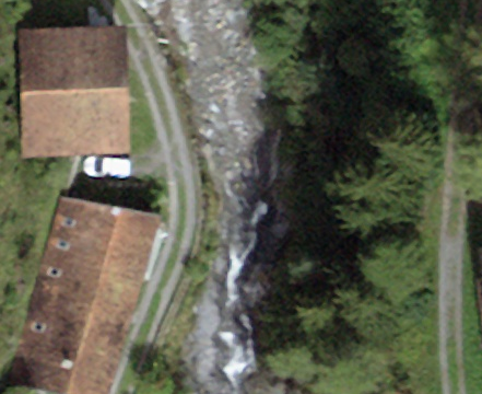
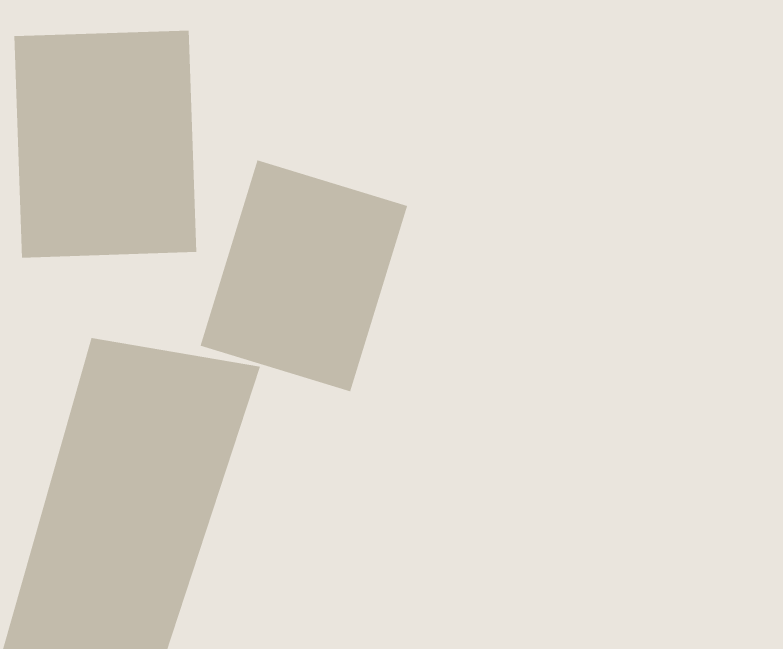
building: none -> [200,160,408,392]

